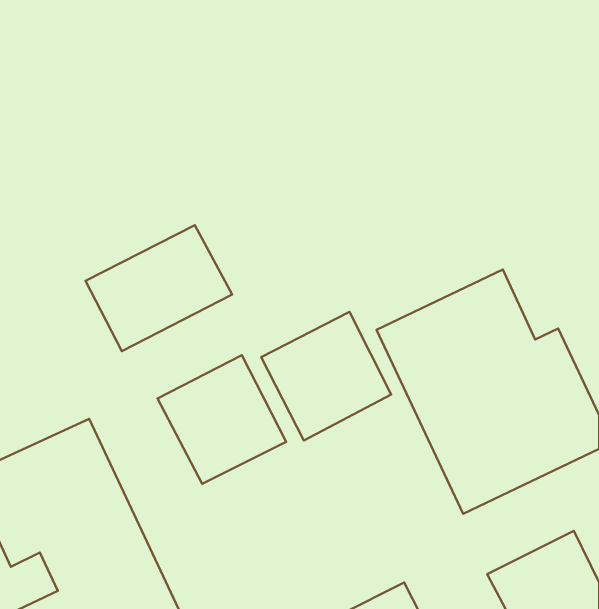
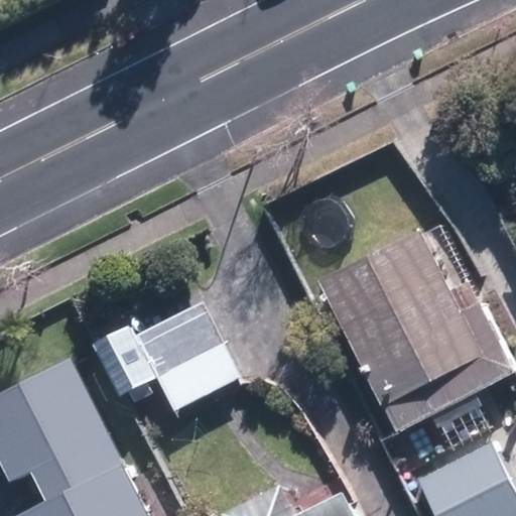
building: [86,225,232,351] -> none
building: [261,312,391,440] -> none

